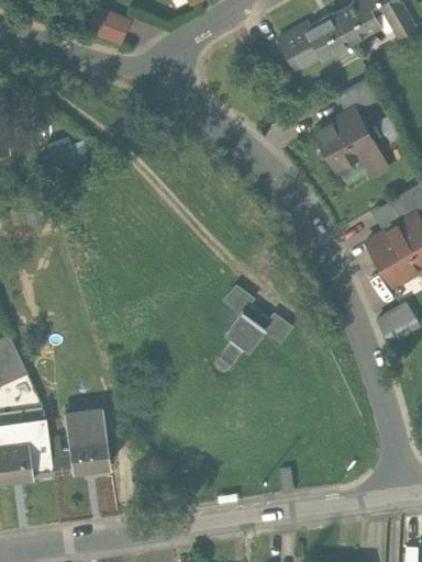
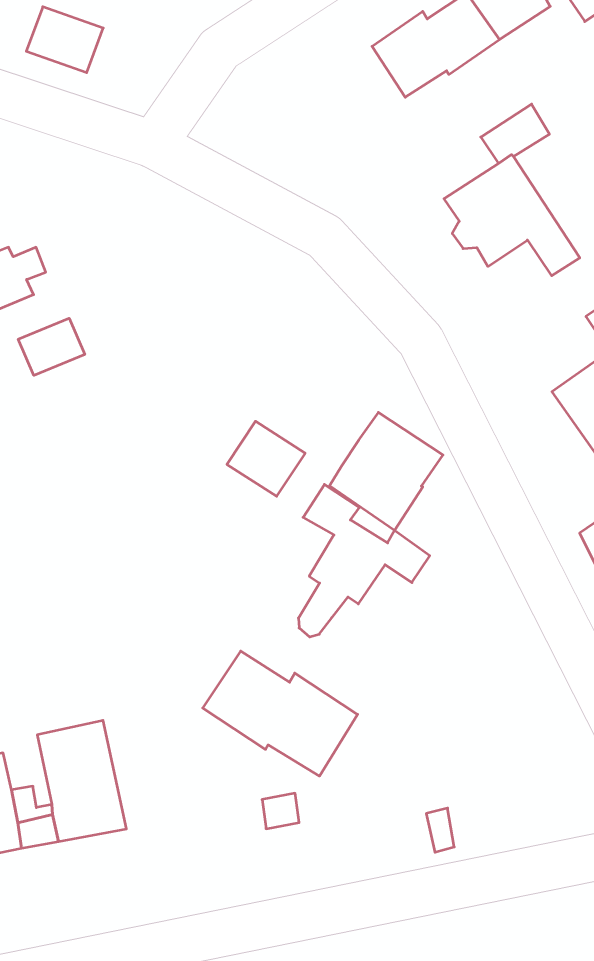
building: none -> [18,318,85,375]
building: none -> [329,412,443,531]
building: none -> [227,421,305,496]
building: none -> [203,651,358,776]

